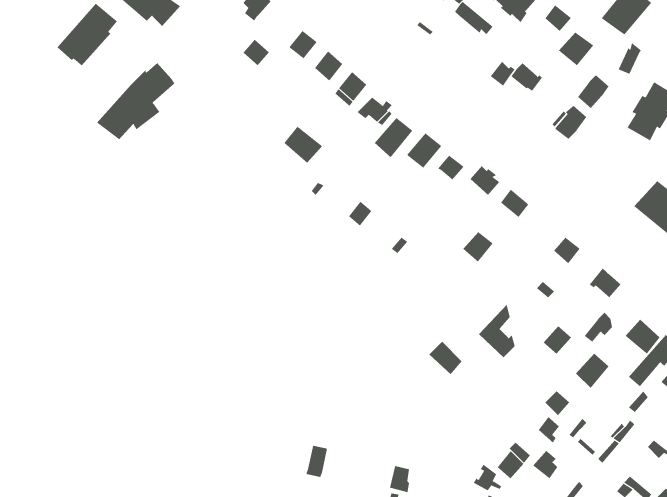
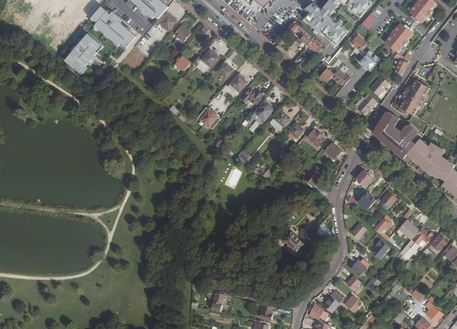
building: [96,62,175,140] -> none
building: none -> [368,109,417,156]

